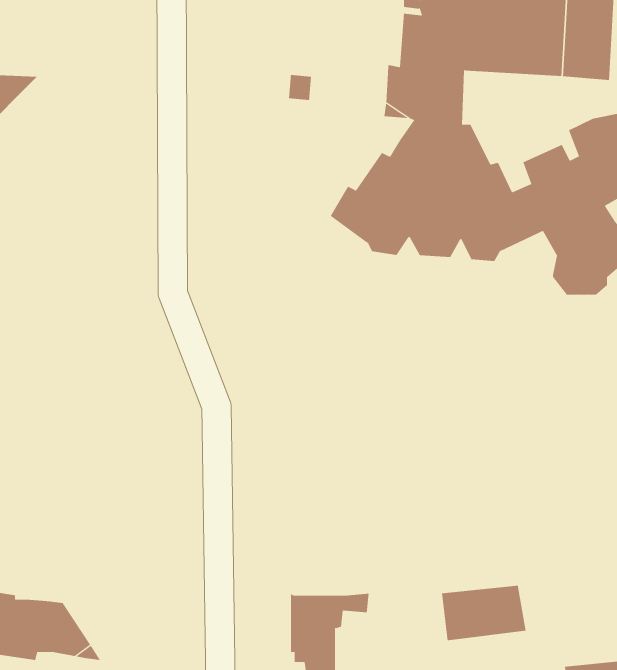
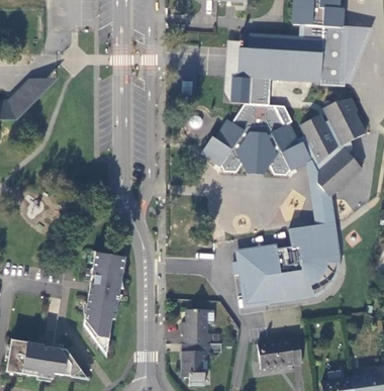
building: none -> [234,160,341,308]
building: none -> [83,252,124,348]
building: none -> [182,310,222,345]

